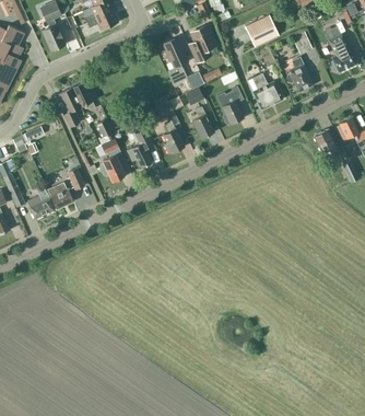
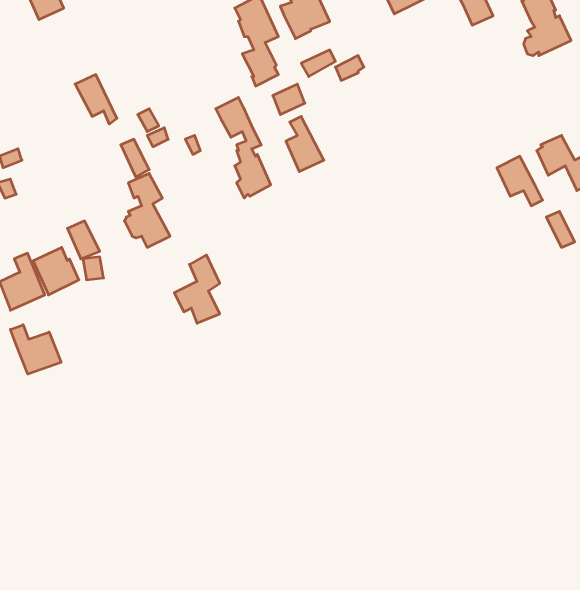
building: [285,57,313,91] -> none
building: [251,72,282,108] -> none
building: [215,85,244,124] -> none
building: [60,88,81,127] -> none
building: [126,128,152,167] -> [174,255,220,323]
building: none -> [10,325,61,374]

